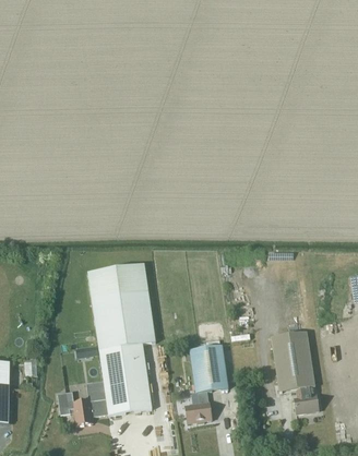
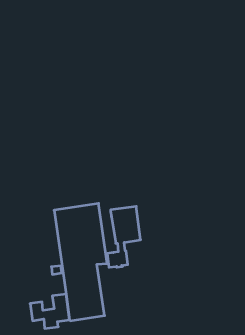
building: [270,329,318,411] -> none
building: [184,344,227,421] -> [107,206,141,267]

